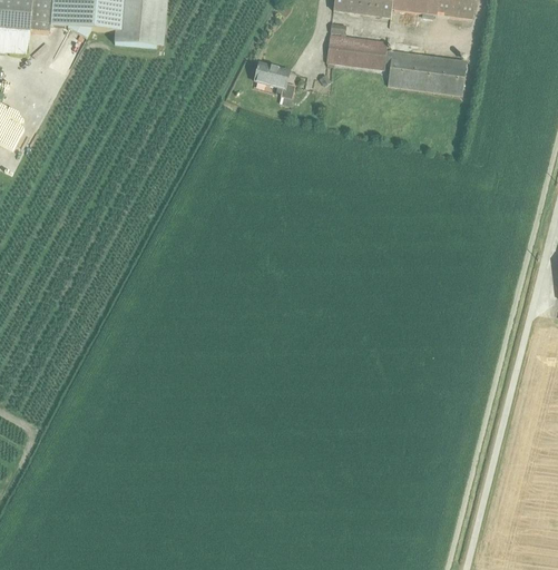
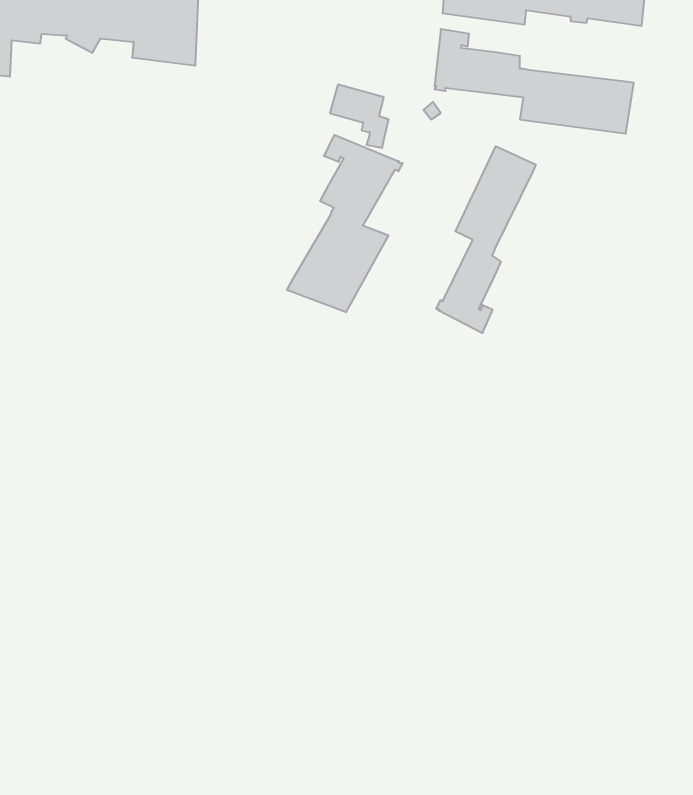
building: none -> [287,135,403,312]
building: none -> [436,146,536,333]

